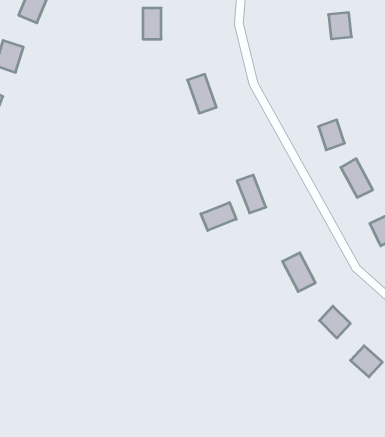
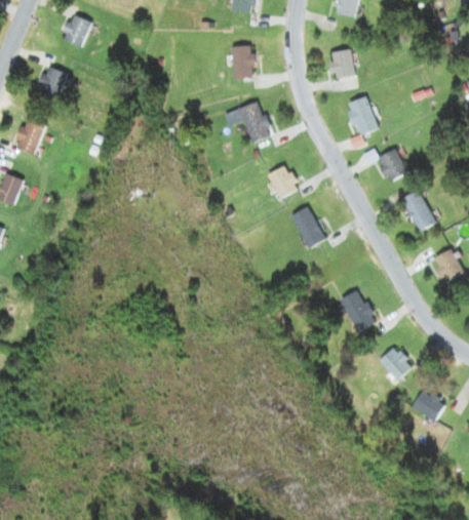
building: [143,8,161,39] -> [233,46,252,79]
building: [328,13,352,39] -> [329,50,354,78]
building: none -> [346,96,379,135]
building: none -> [268,165,299,199]
building: [201,202,236,231] -> none

